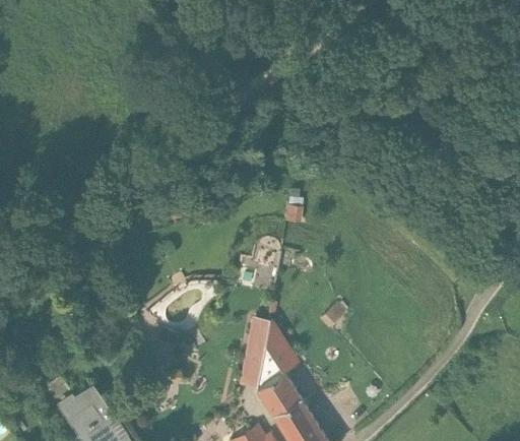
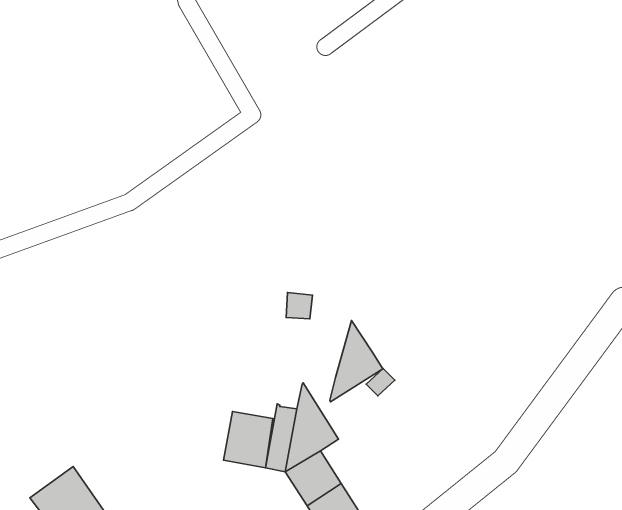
building: none -> [330,321,383,402]
building: none -> [224,411,273,468]

